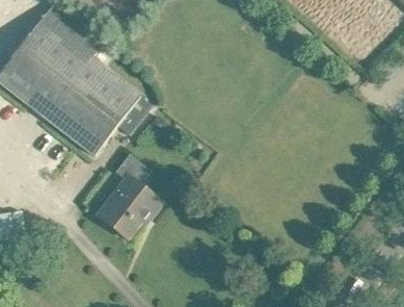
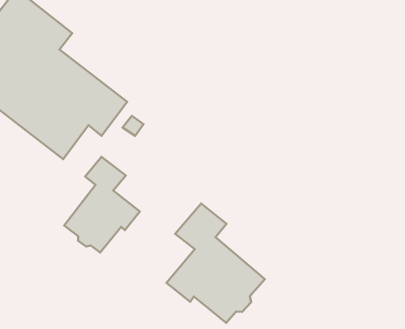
building: none -> [167,204,265,323]

